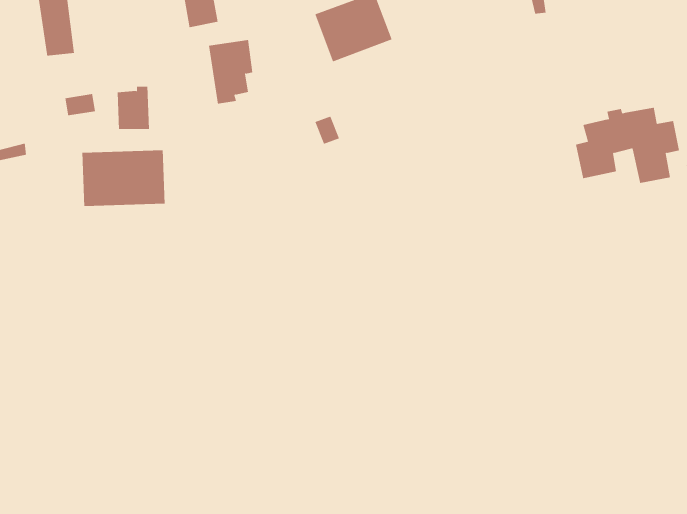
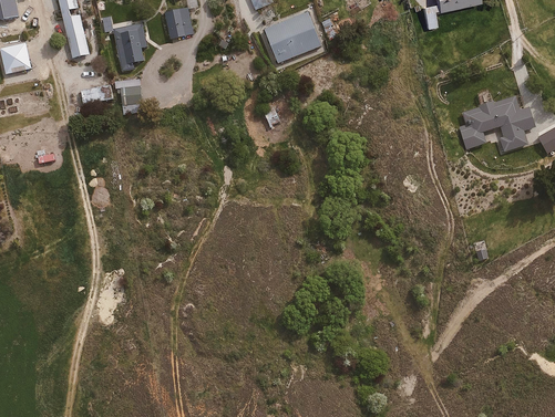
building: [208,40,253,104] -> [114,22,147,70]
building: [82,149,165,207] -> none

